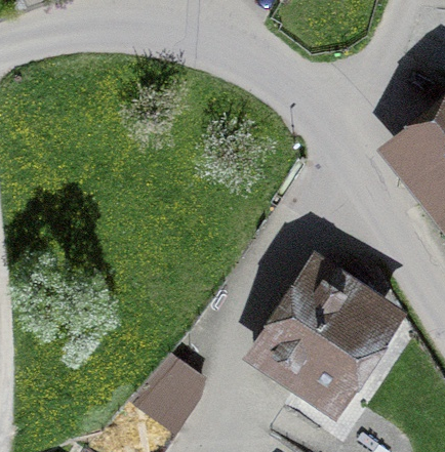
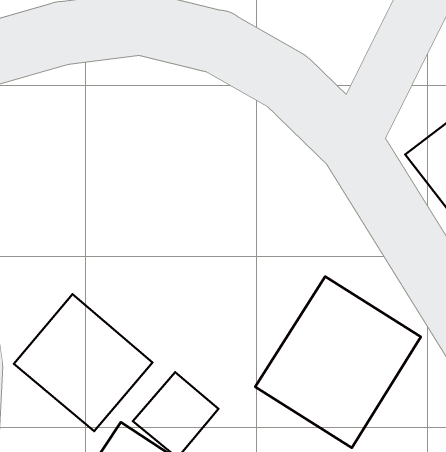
building: none -> [14,294,152,431]

